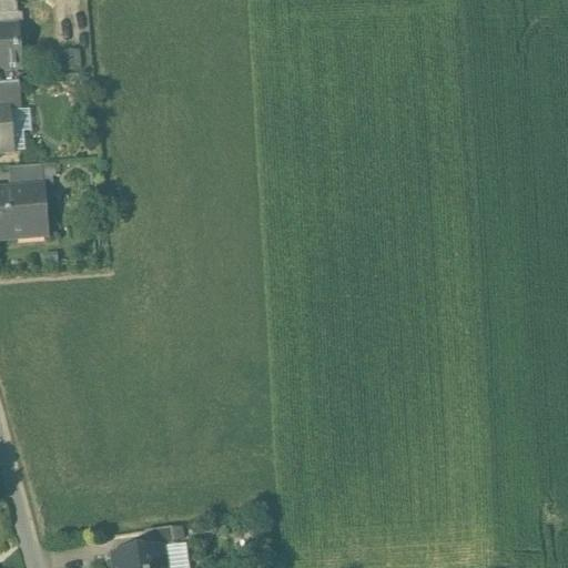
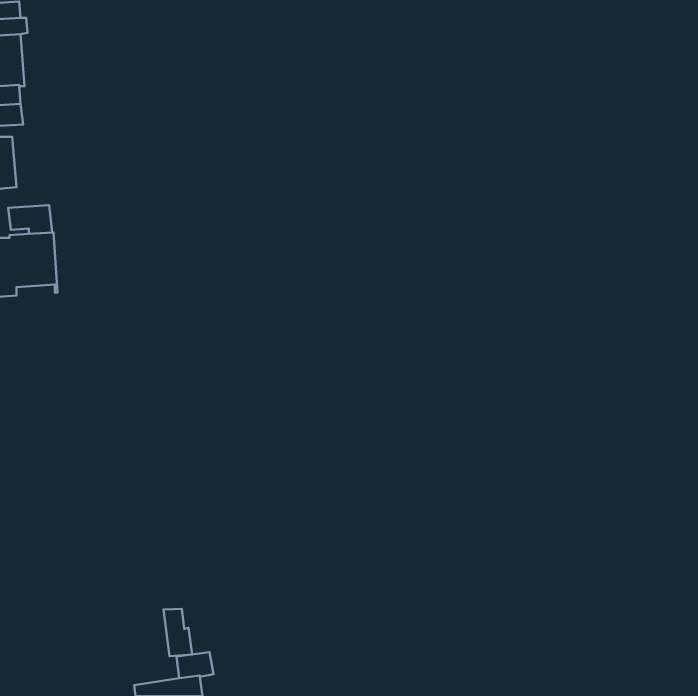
building: none -> [164,609,192,656]

